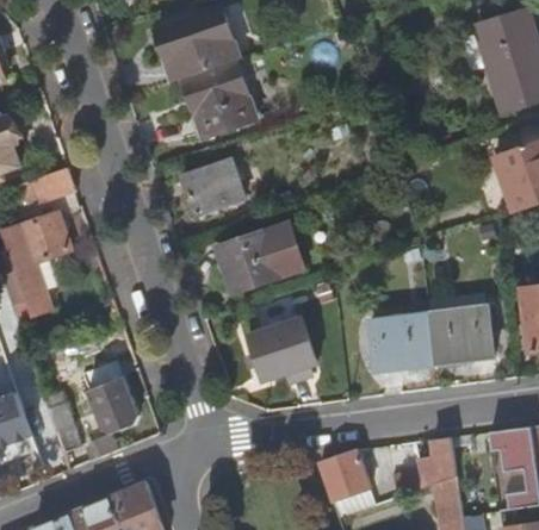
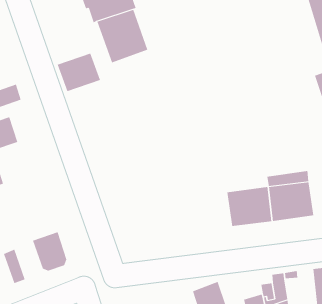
building: [180,160,243,216] -> [57,53,101,92]
building: [216,222,303,293] -> none
building: [247,317,316,380] -> none

